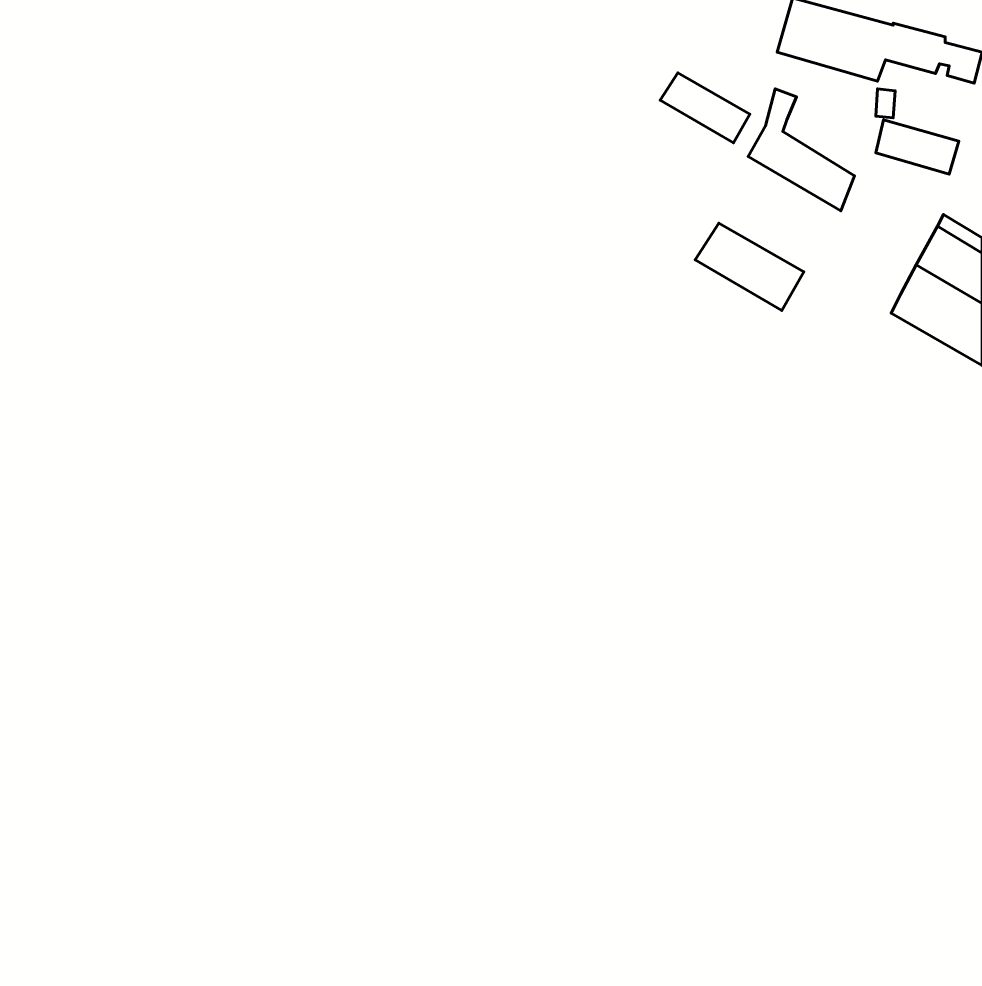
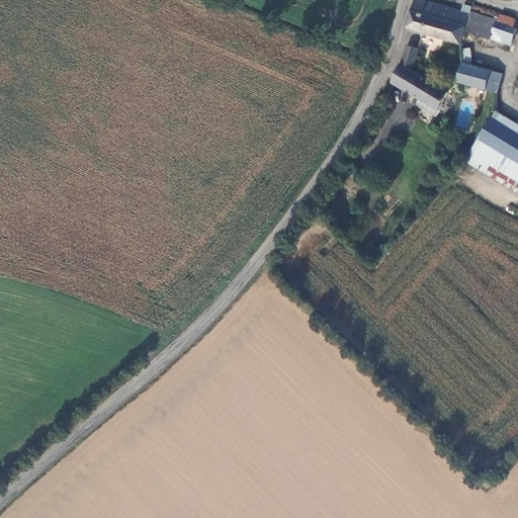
building: [660,73,750,143] -> none
building: [695,223,804,310] -> none

